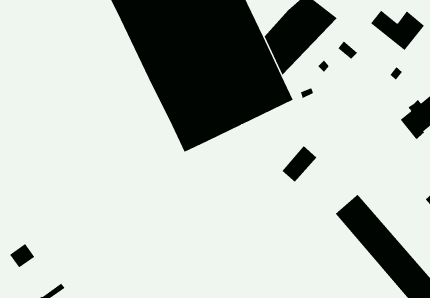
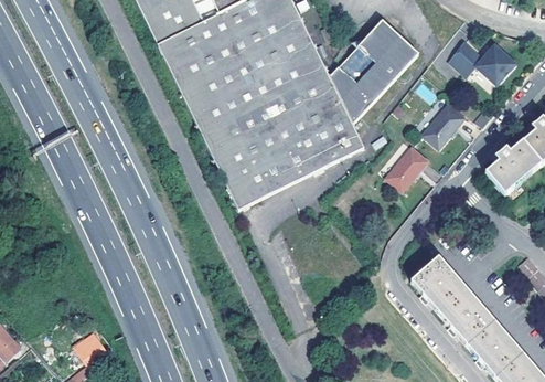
building: none -> [424,104,464,147]
building: [282,145,317,182] -> [387,146,428,189]
building: [9,243,35,268] -> [74,332,104,361]

